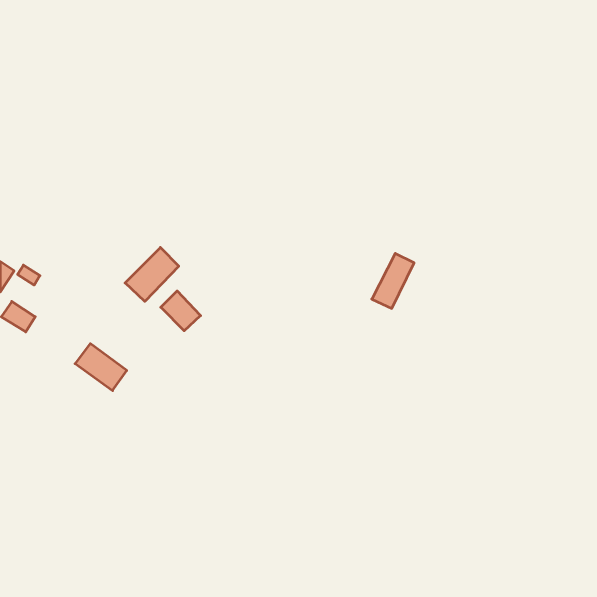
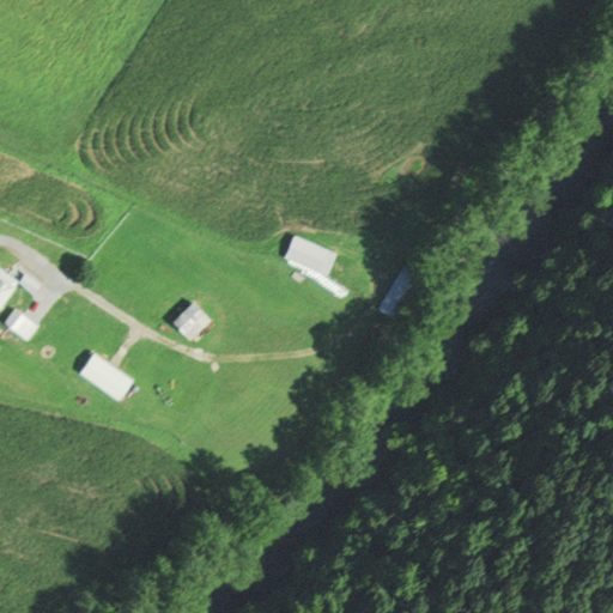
building: none -> [284,235,336,277]
building: [125,247,179,301] -> none

